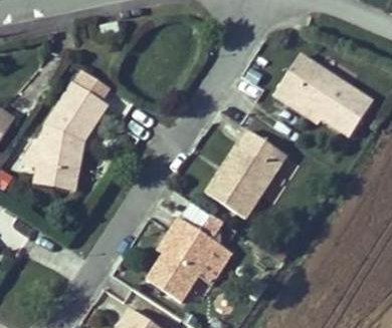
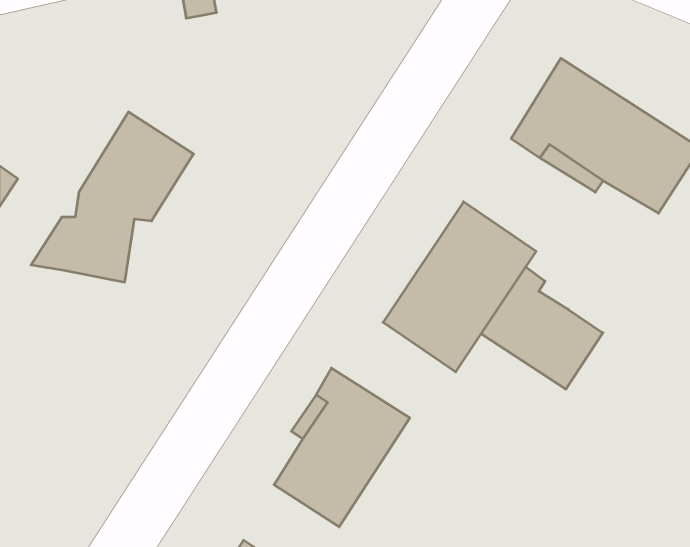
building: [35,138,83,189] -> none
building: none -> [481,267,603,389]

